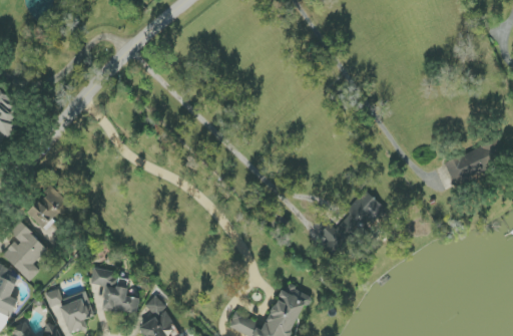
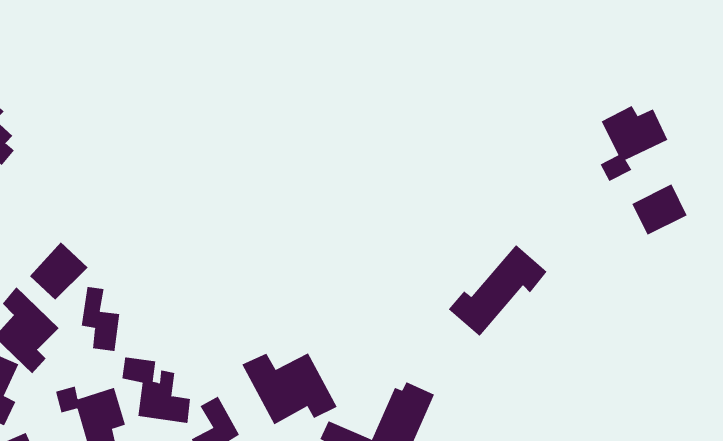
building: none -> [600,105,668,182]
building: none -> [81,286,120,352]
building: none -> [241,352,337,425]

